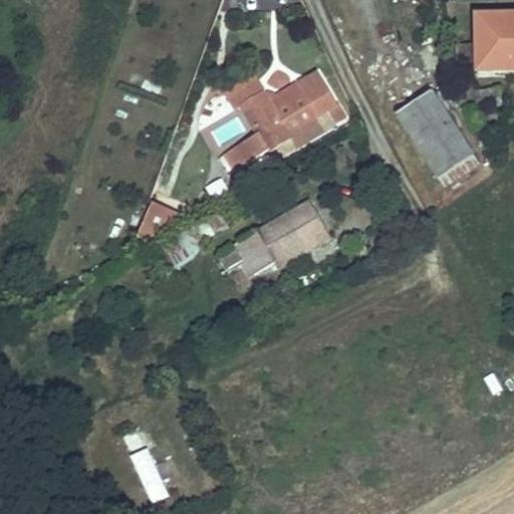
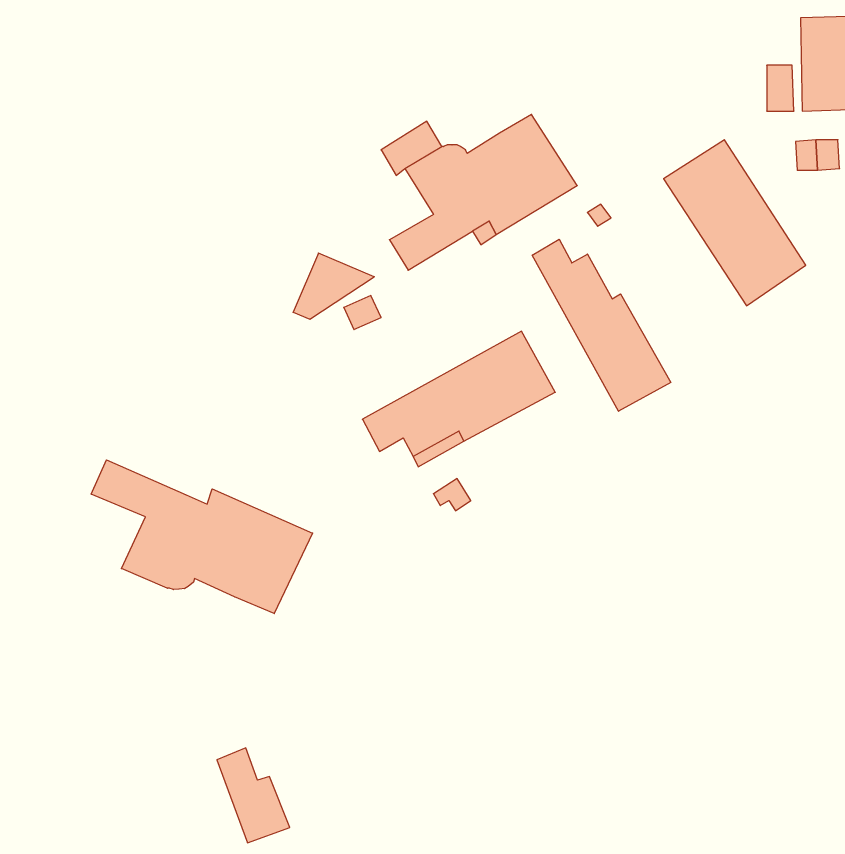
building: none -> [532,239,671,411]
building: [135,202,183,241] -> [293,253,374,319]
building: none -> [91,460,313,614]

